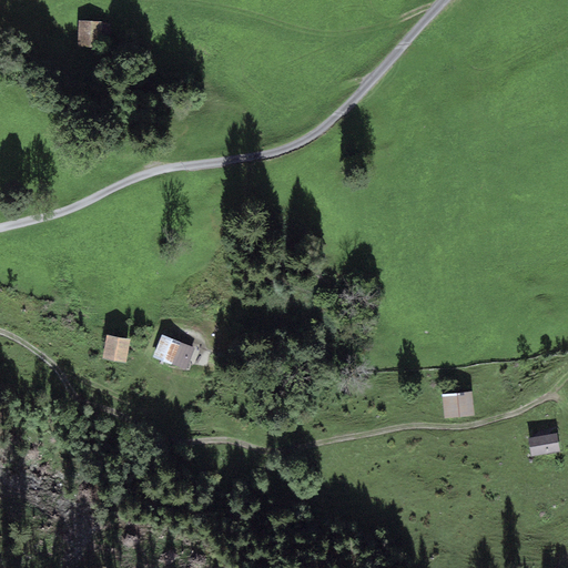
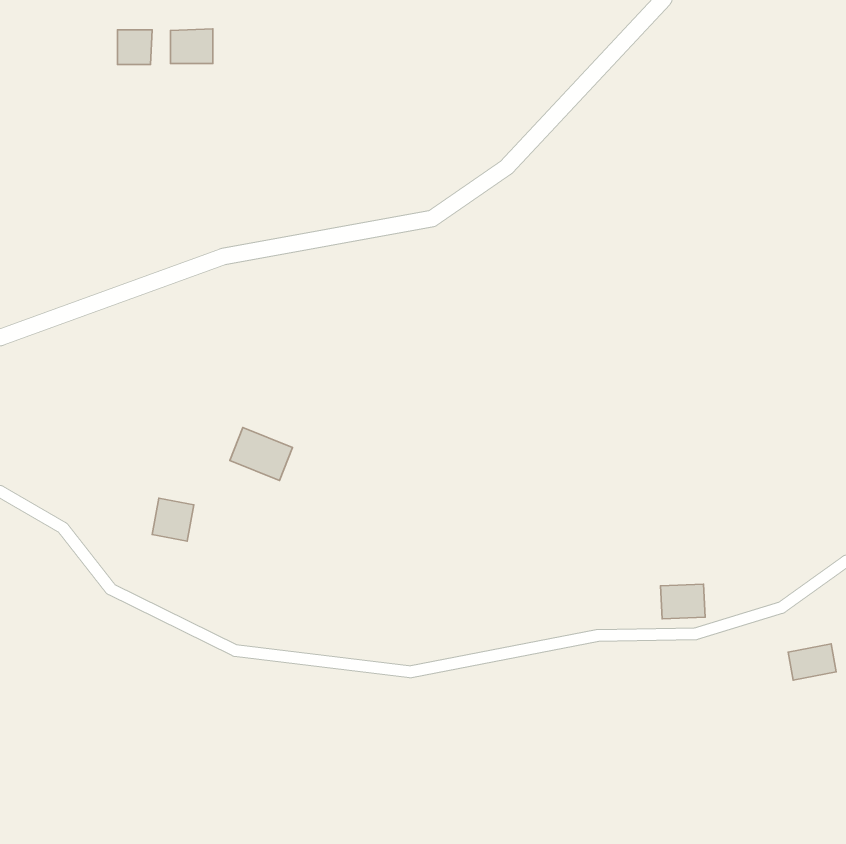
building: none -> [171,29,213,63]
building: [153,334,195,369] -> [230,427,293,480]

